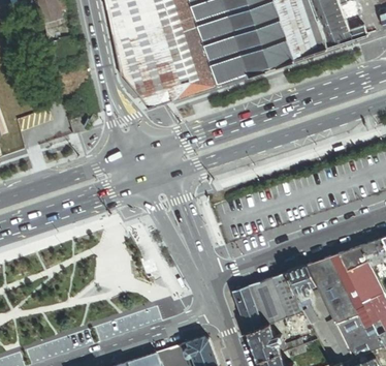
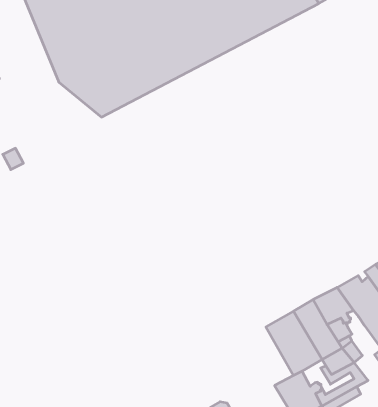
building: [231,285,261,331] -> none

